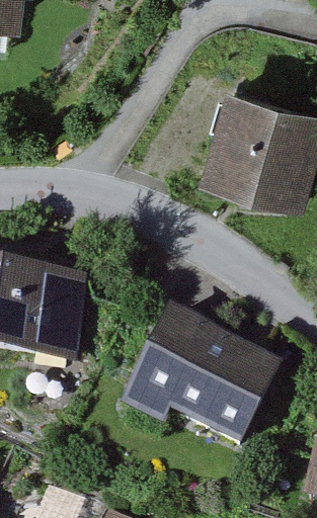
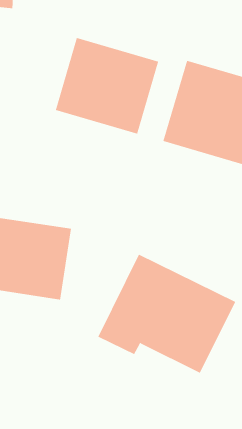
building: none -> [55,37,159,134]

